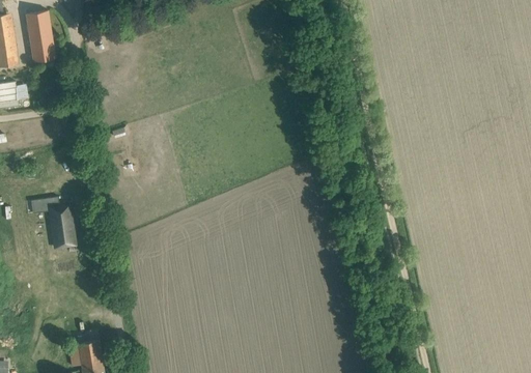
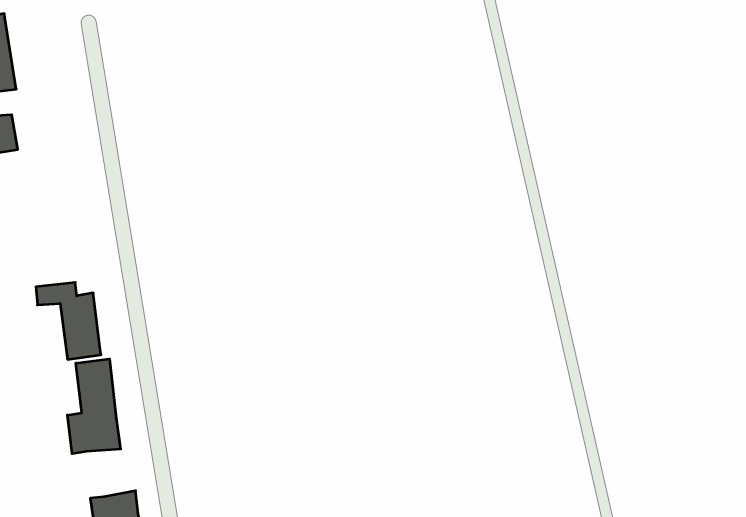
building: [26,10,55,62] -> none
building: none -> [67,359,121,454]

